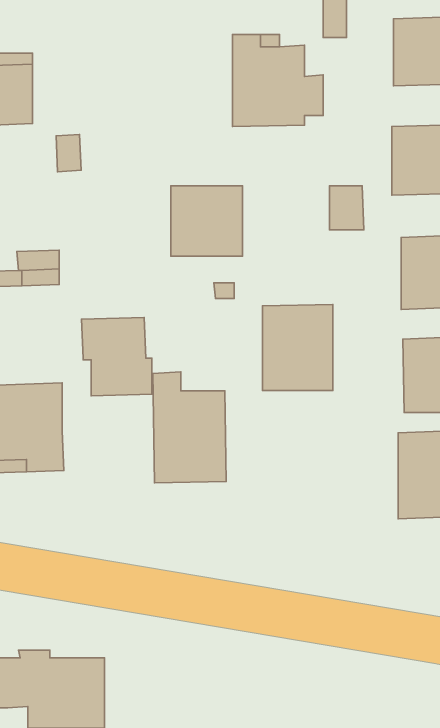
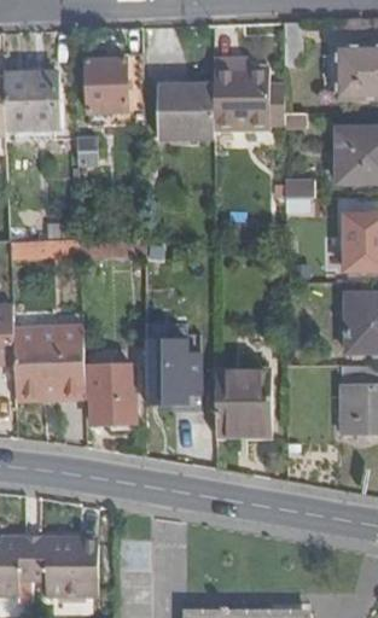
building: none -> [85,56,126,111]
building: [171,186,243,256] -> [157,84,213,139]
building: [263,304,333,390] -> [215,369,269,436]
building: [82,318,152,396] -> [81,363,135,424]

